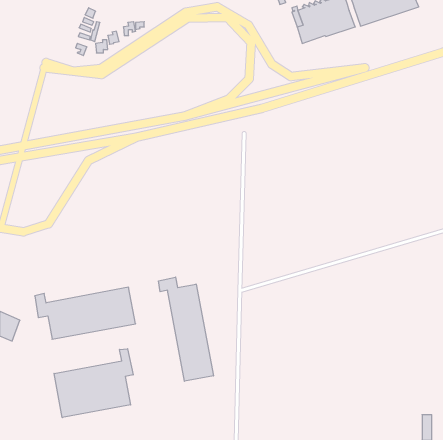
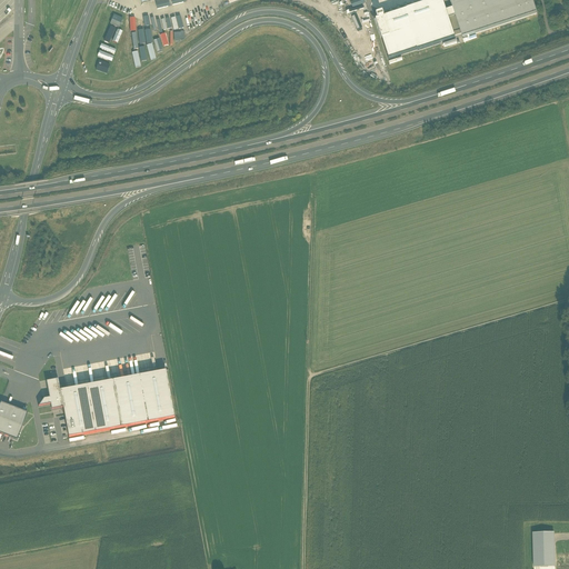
building: [159,277,213,381] -> none
building: [54,349,133,418] -> none

